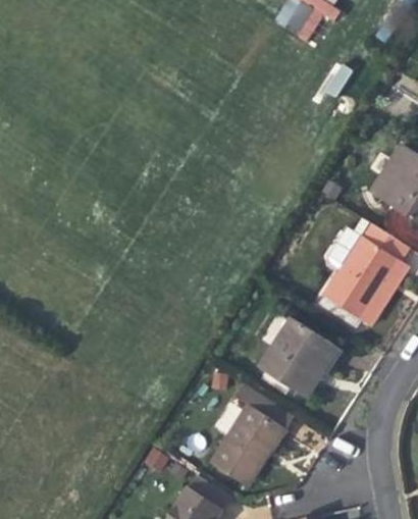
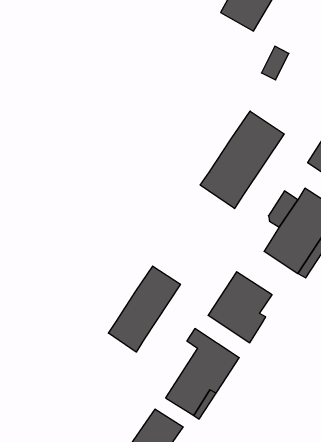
building: none -> [200,111,284,209]
building: none -> [108,266,180,352]

